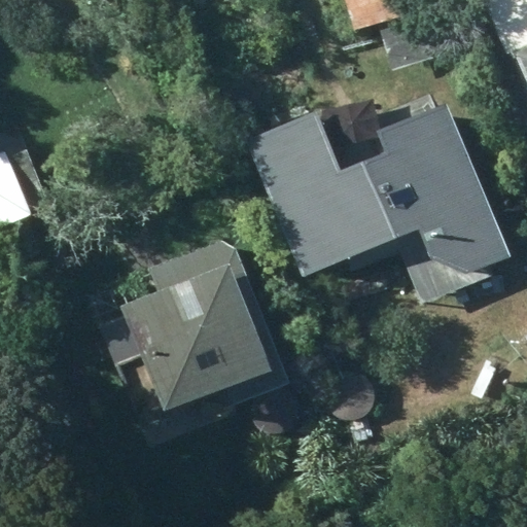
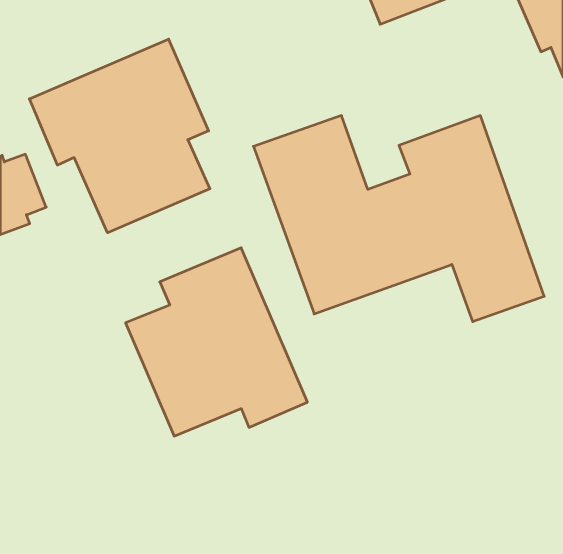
building: none -> [29,39,210,233]

